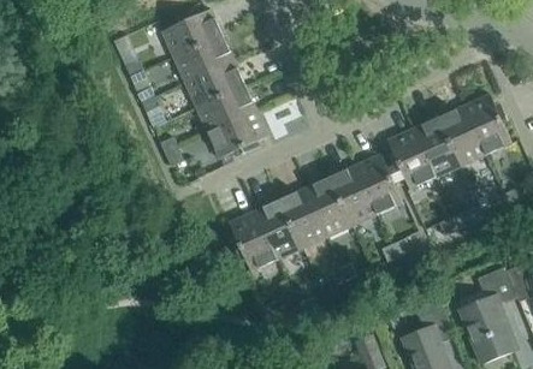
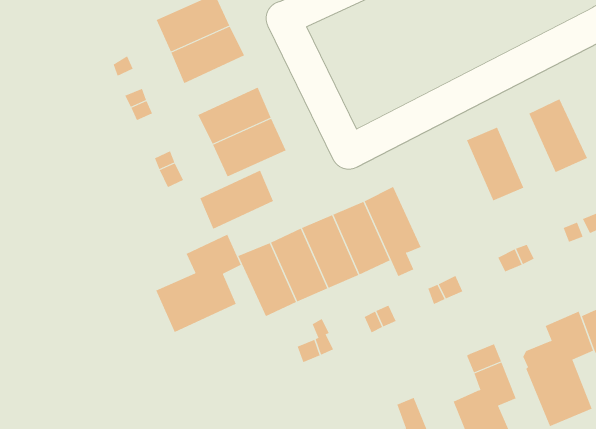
building: [184,59,244,107] -> [199,170,274,229]
building: [438,106,485,166] -> none
building: [386,127,434,189] -> none
building: [354,153,402,214] -> none
building: none -> [156,234,241,333]

